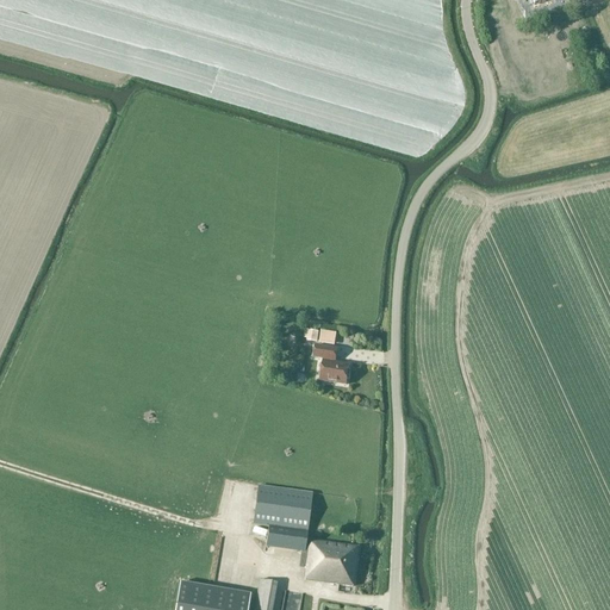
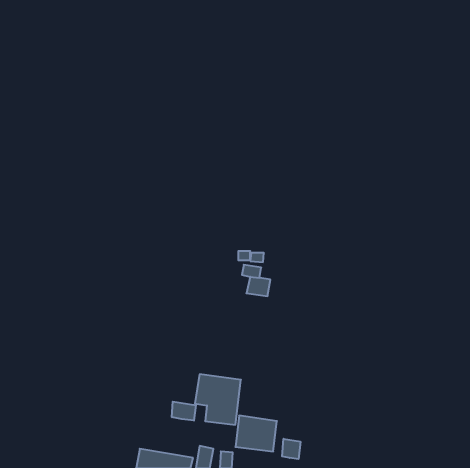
building: none -> [172,402,196,421]
building: none -> [282,439,300,459]

